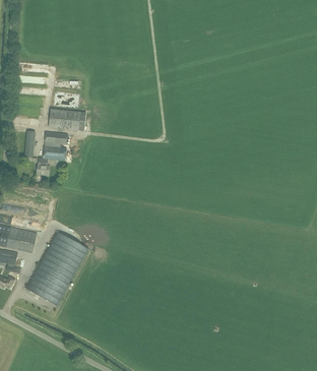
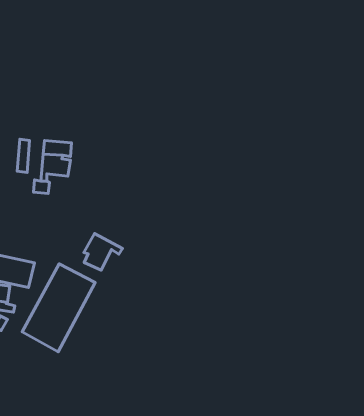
building: [49,108,86,129] -> none
building: none -> [84,234,123,270]

